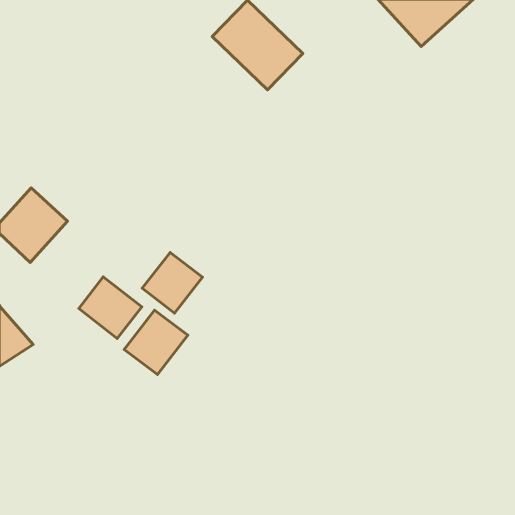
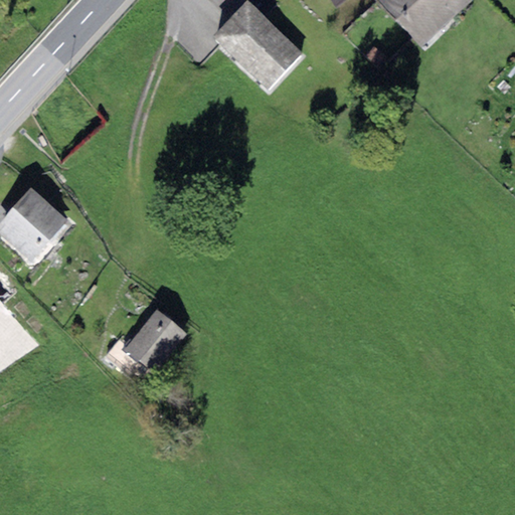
building: [142,252,202,313] -> none
building: [79,277,142,339] -> none

